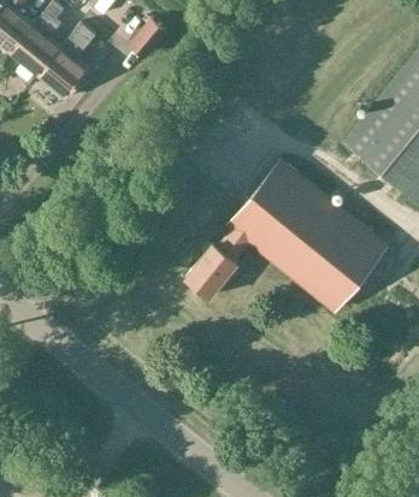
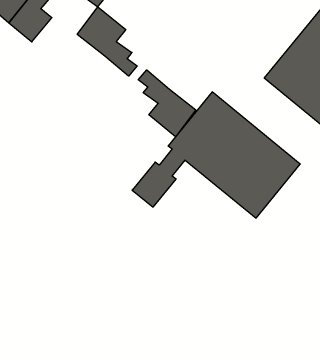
building: none -> [77,7,137,76]
building: none -> [138,70,196,137]

